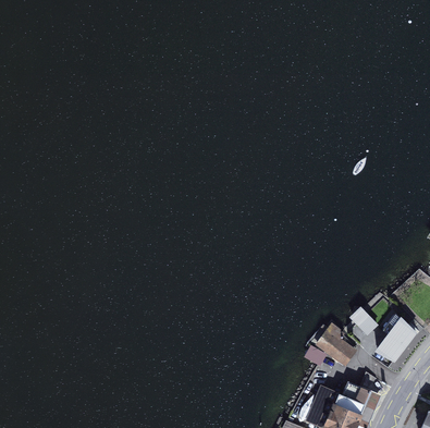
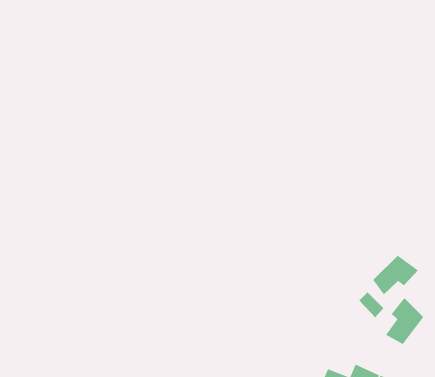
building: none -> [373,255,419,295]
building: [317,323,354,365] -> none

